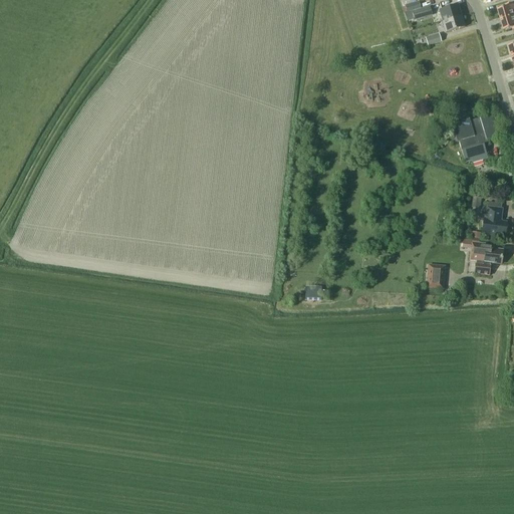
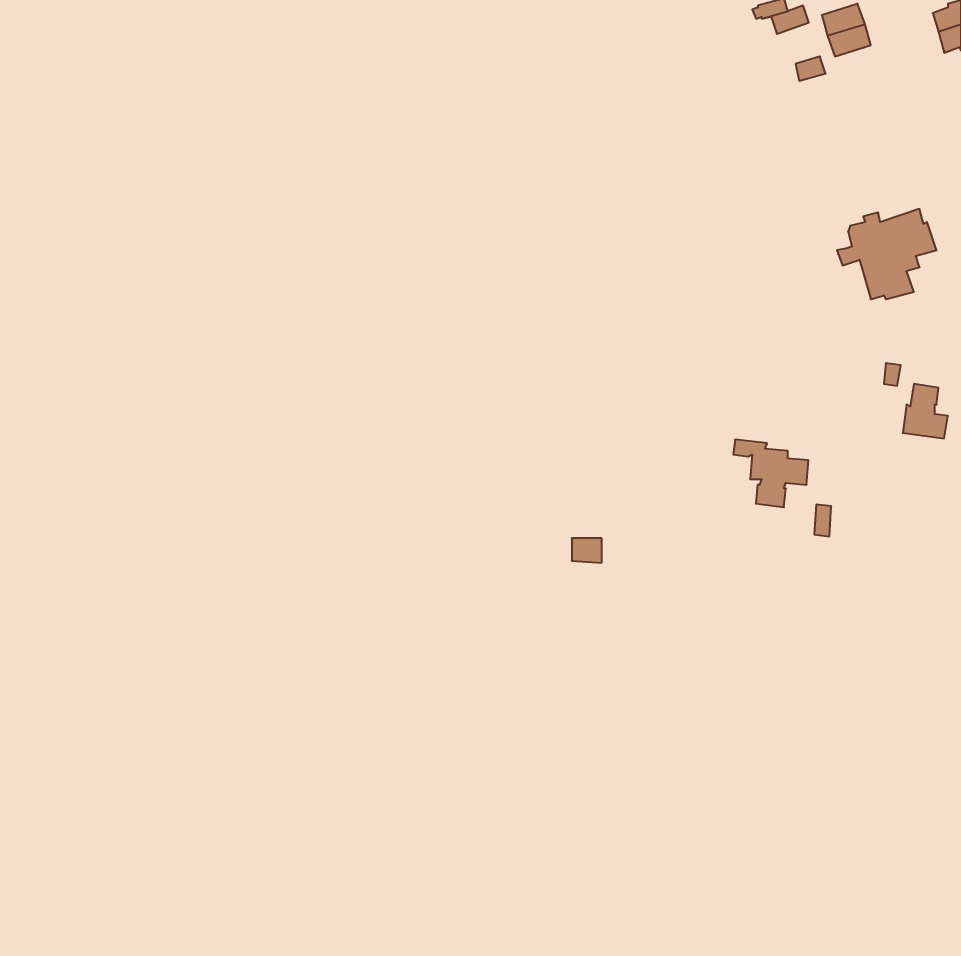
building: [462,237,502,273] -> [733,440,808,507]

